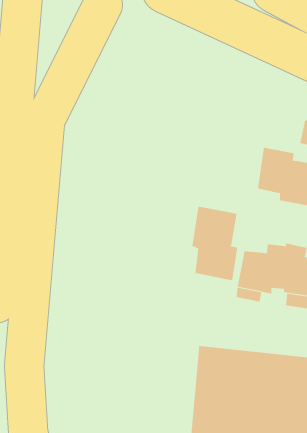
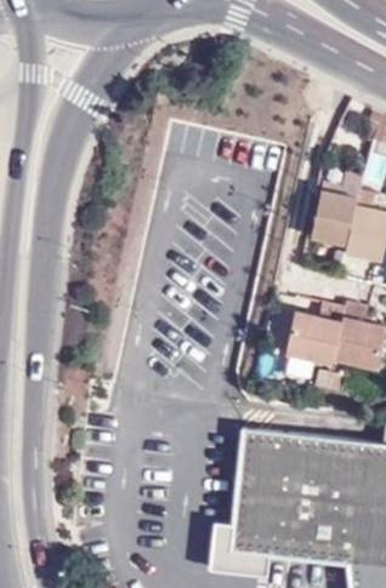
building: [192,206,238,281] -> none

